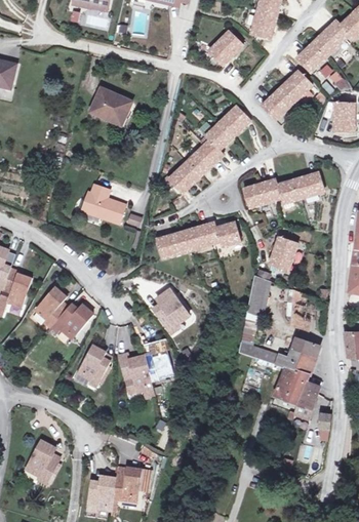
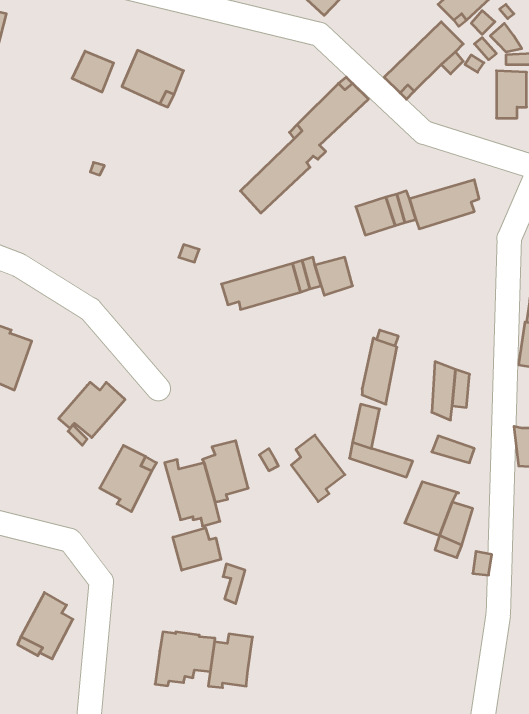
building: none -> [72,51,114,92]
building: [84,185,125,224] -> none
building: [269,236,296,272] -> none
building: [36,285,68,328] -> none
building: [153,289,188,332] -> [291,435,345,502]
building: [275,349,316,375] -> none
building: none -> [173,528,221,570]
building: [86,476,115,511] -> [208,634,253,688]

